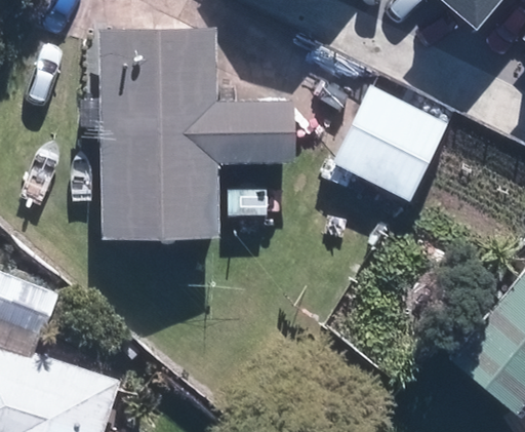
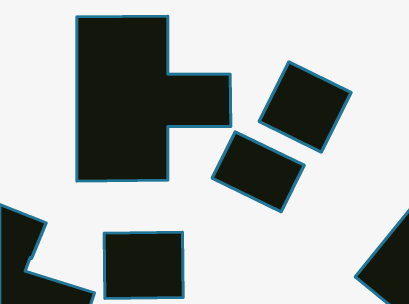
building: none -> [212,132,304,212]
building: none -> [104,232,183,299]

